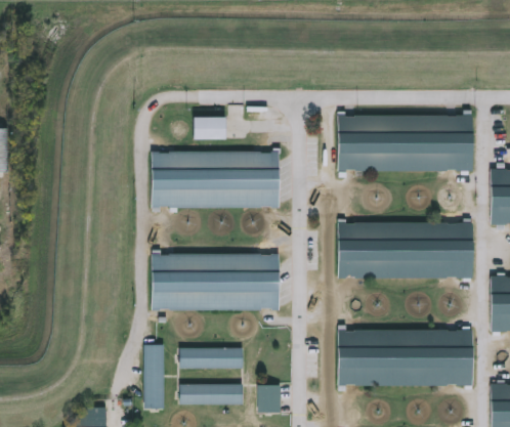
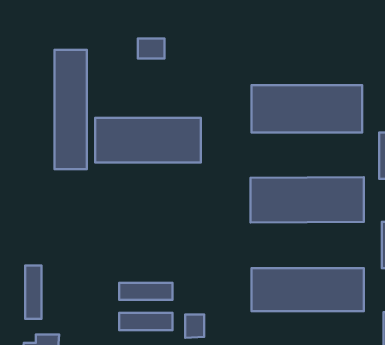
building: none -> [54,50,87,169]
building: [195,119,226,142] -> [138,39,165,58]
building: [152,252,278,308] -> none
building: [145,346,165,410] -> [25,265,42,319]

